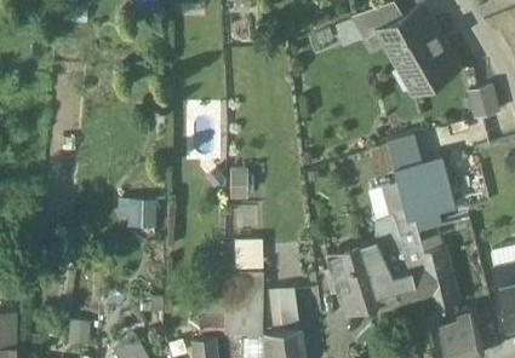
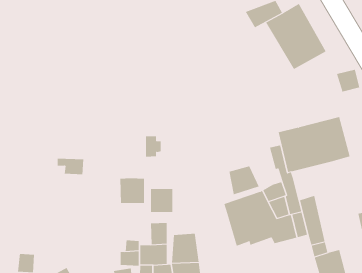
building: [389,134,422,169] -> none
building: none -> [229,165,259,195]
building: none -> [120,178,144,204]

